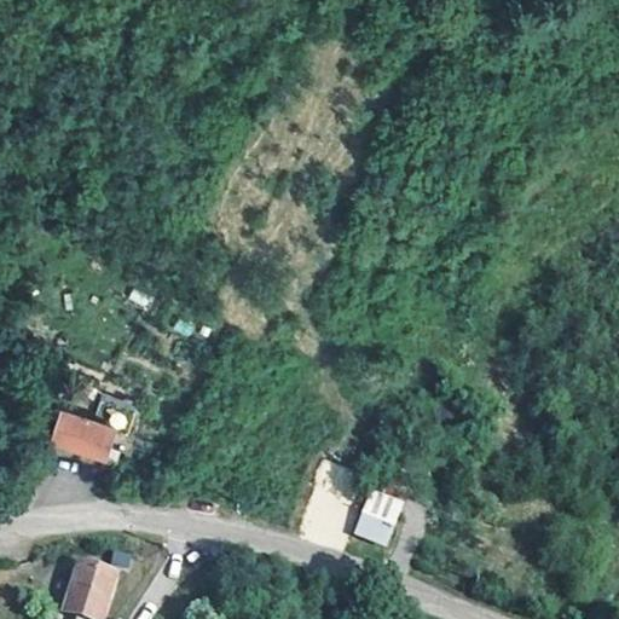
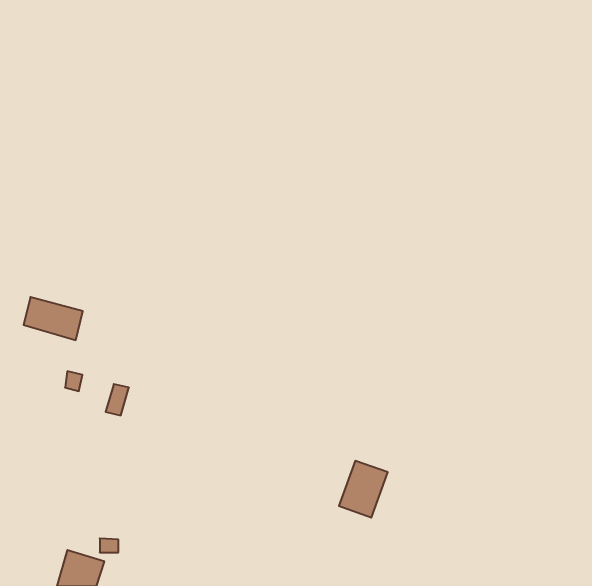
building: [54,420,116,464] -> [24,297,83,340]

